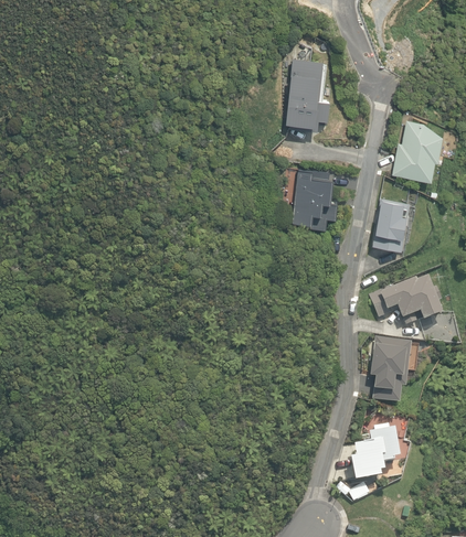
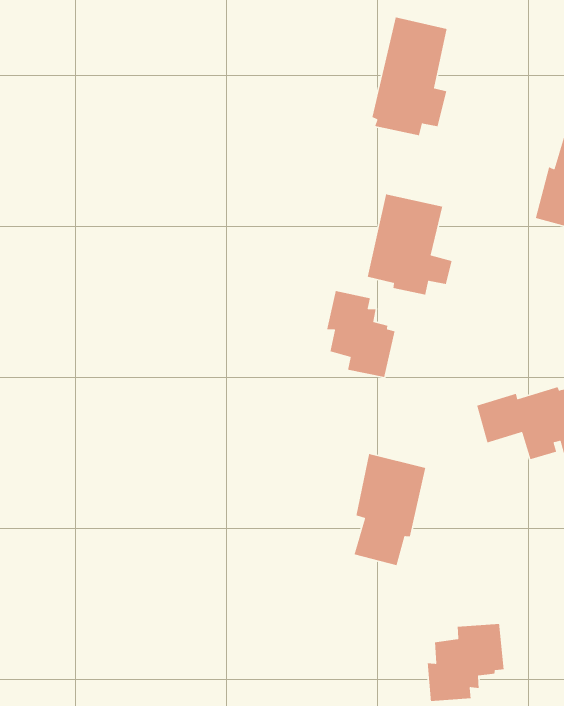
building: [368,198,405,249] -> none
building: none -> [326,290,396,378]
building: [371,336,412,405] -> [354,453,426,566]

